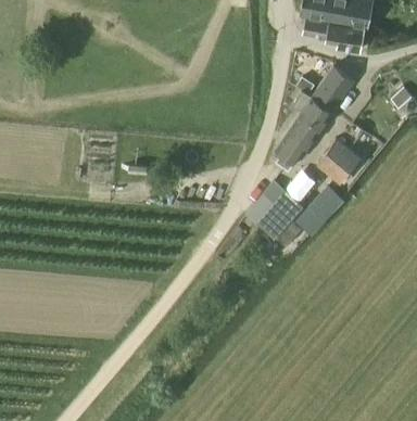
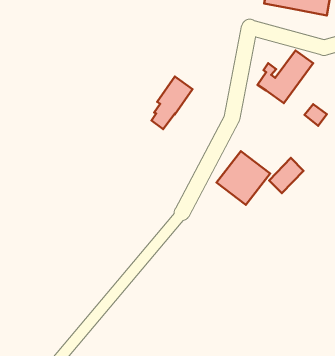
building: [304,18,364,51] -> none
building: [276,111,321,169] -> [151,76,192,129]
building: [316,138,359,182] -> none

